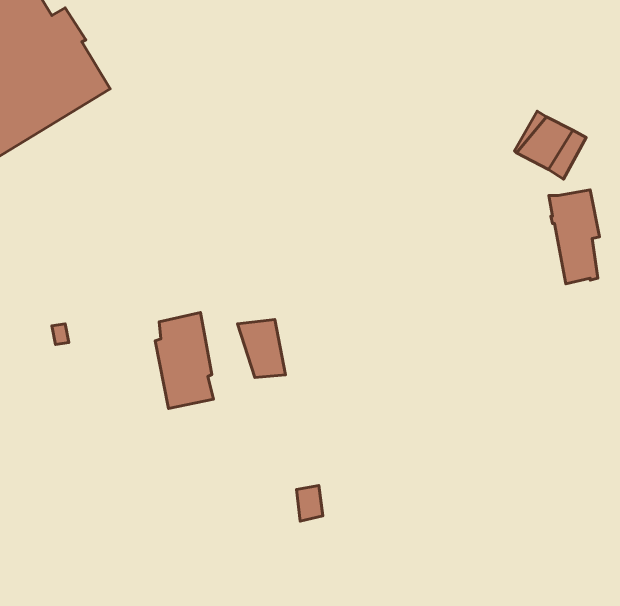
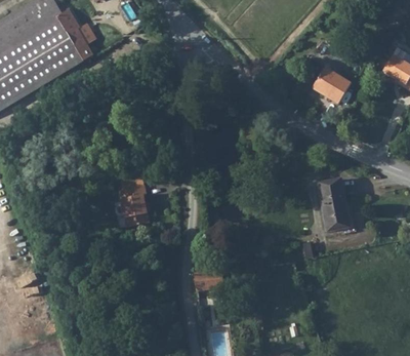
building: [549,190,600,284] -> [319,179,346,230]
building: [237,320,286,377] -> none

